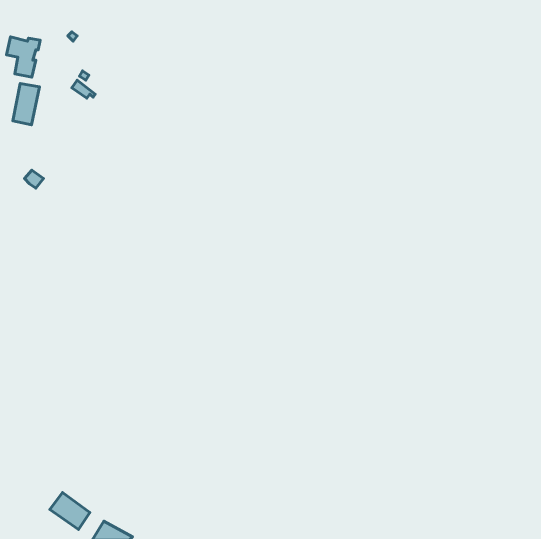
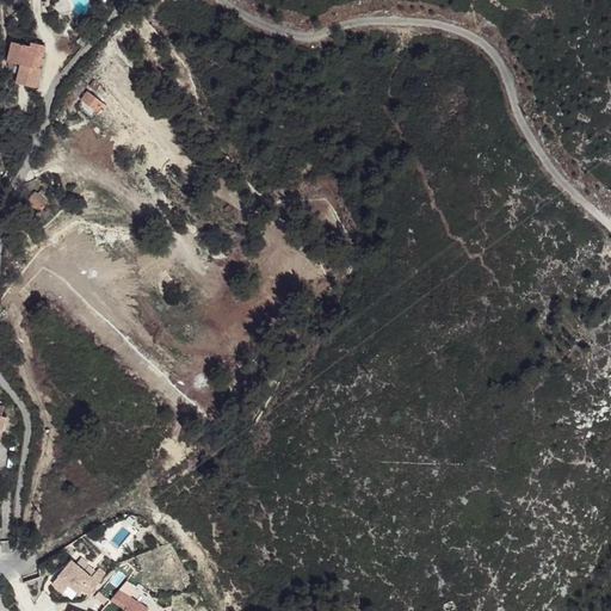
building: [13,83,39,125] -> none

